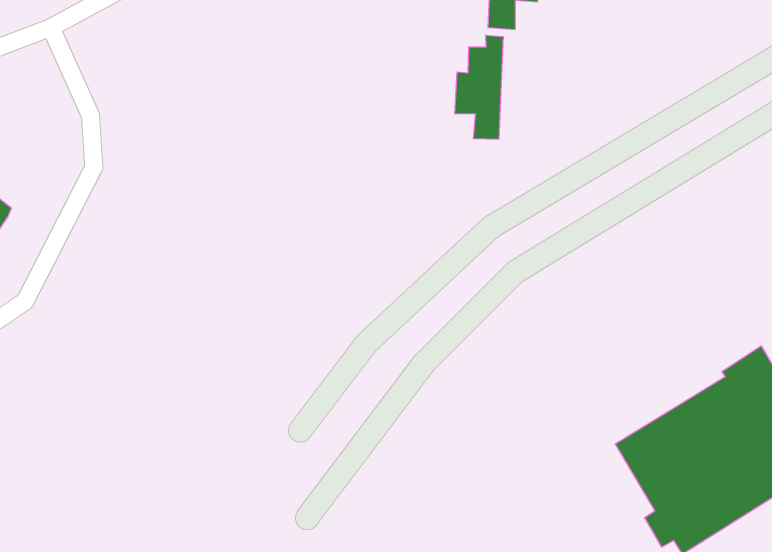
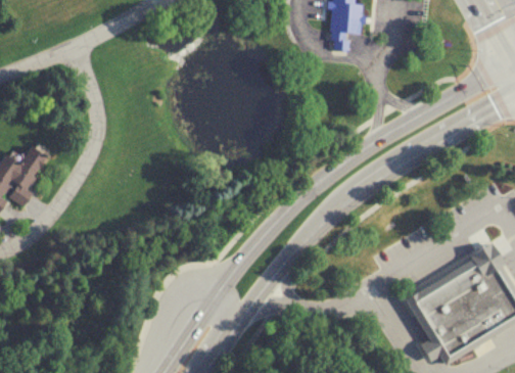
building: [455,35,503,139] -> none

